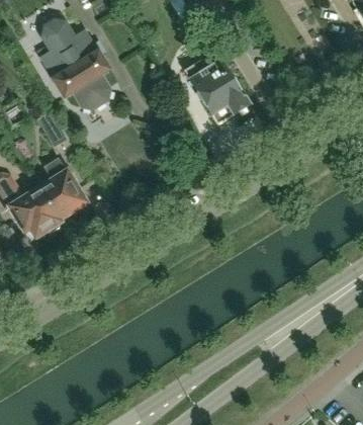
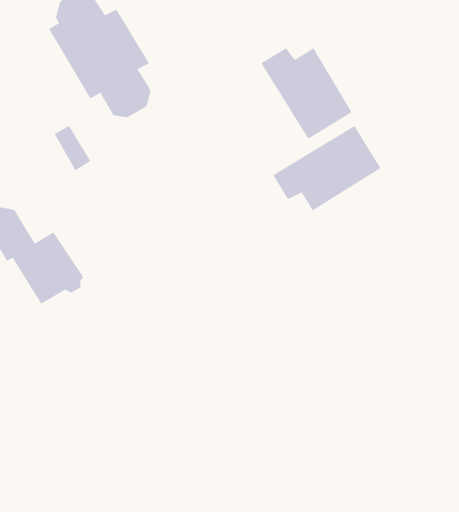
building: none -> [272,125,381,211]
building: [38,158,86,219] -> none

